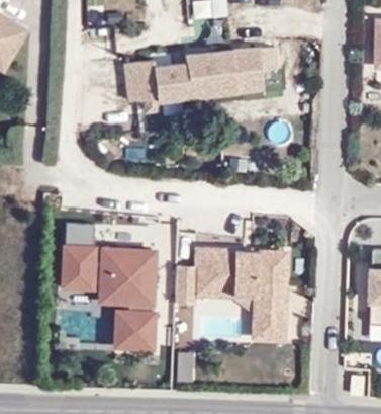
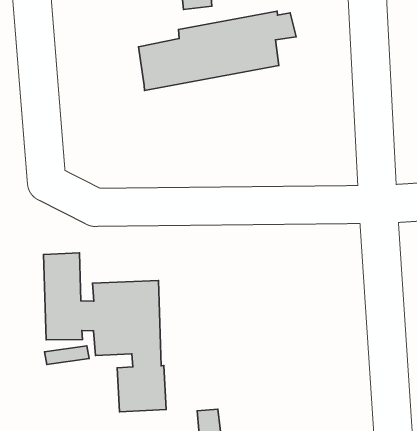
building: [128,61,155,99] -> none
building: [172,250,283,339] -> none

